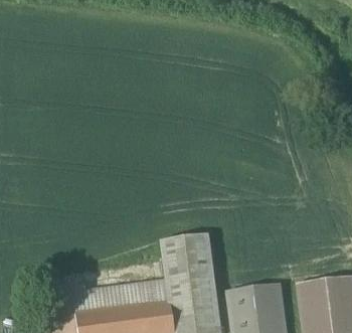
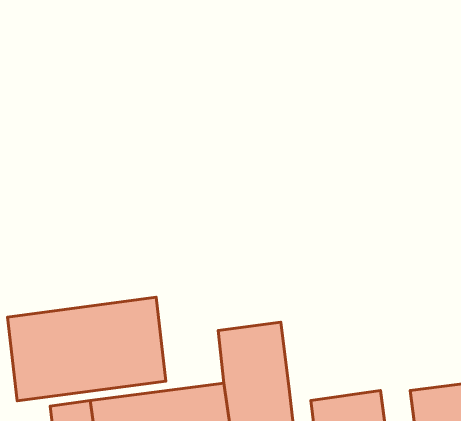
building: none -> [8,297,166,401]

